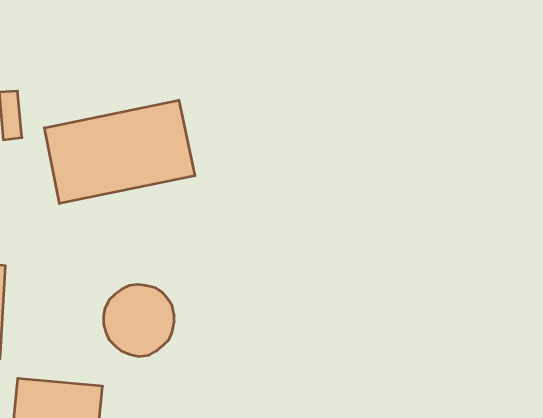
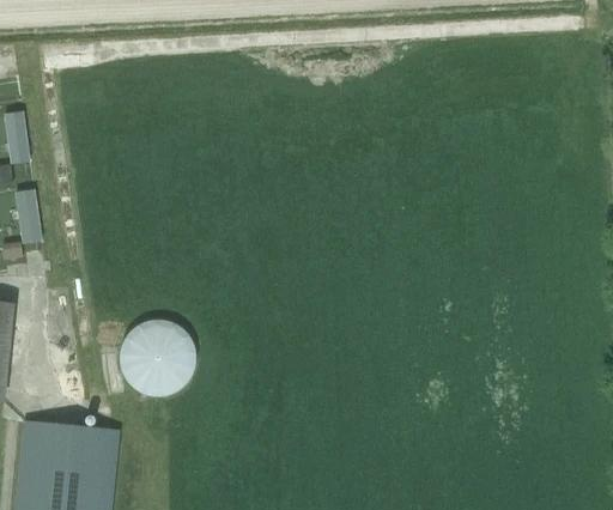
building: [44,100,195,204] -> none
building: none -> [13,187,44,243]

